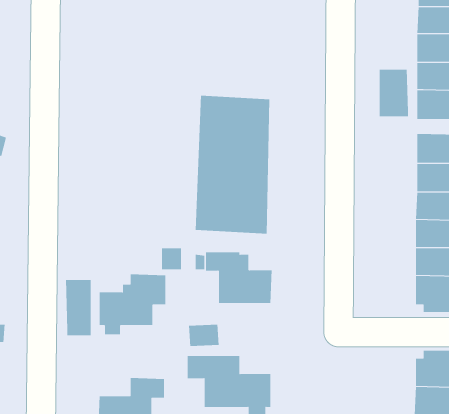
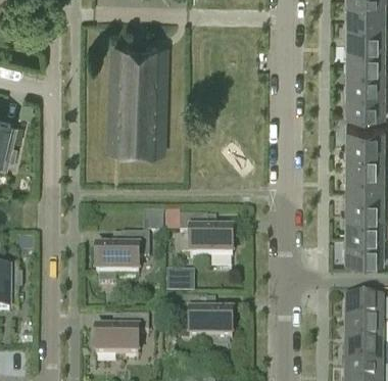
building: [379,69,409,117] -> none
building: [195,95,270,234] -> [107,46,166,155]
building: [66,279,91,336] -> none

